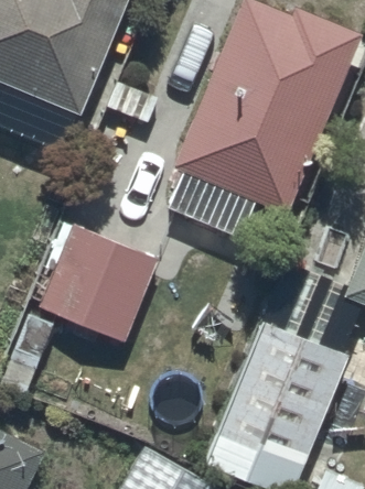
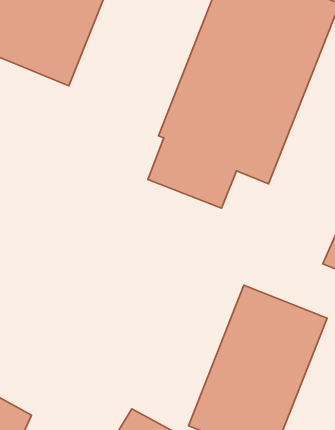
building: [46,226,160,345] -> none

